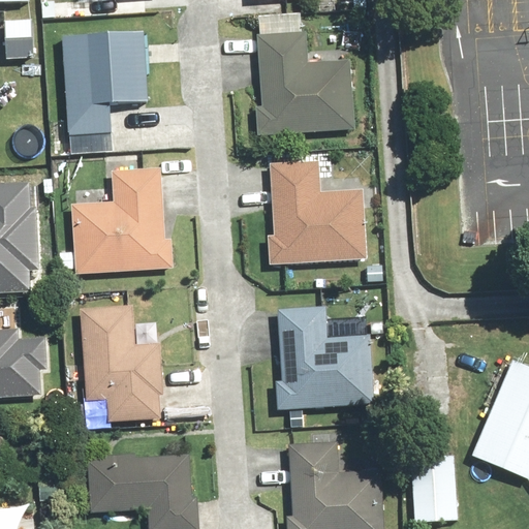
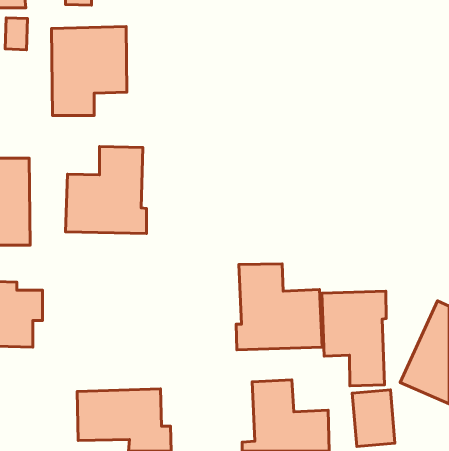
building: [254,35,362,135] -> none
building: [266,154,362,256] -> none
building: [82,307,161,423] -> none
building: none -> [322,291,386,386]

